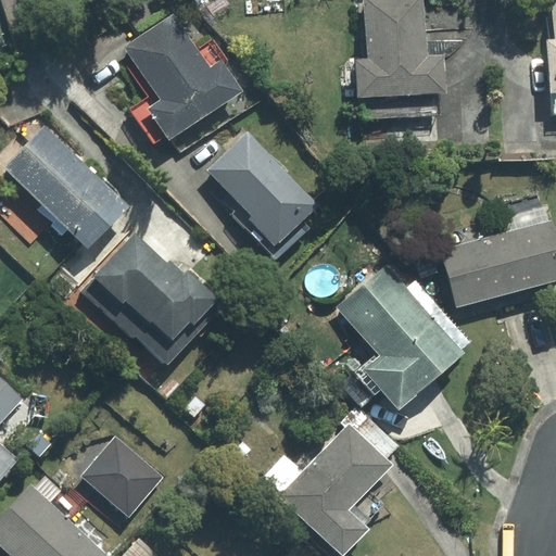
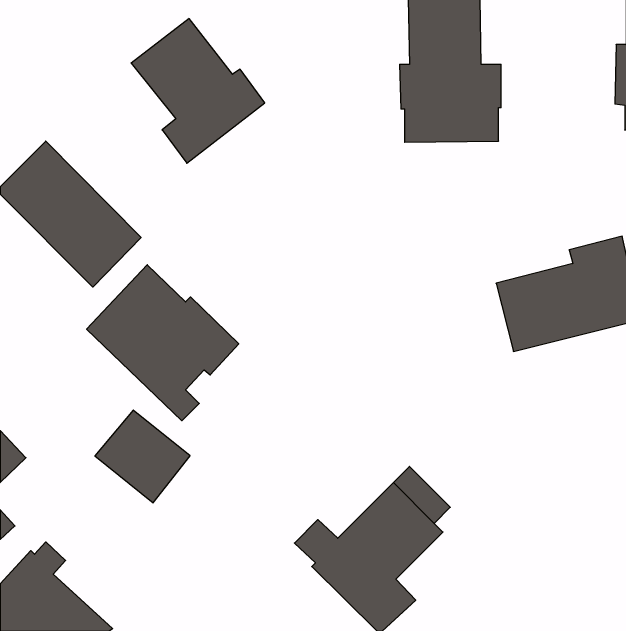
building: [206,131,318,247] -> none
building: [338,264,464,412] -> none
building: [81,435,165,517] -> [95,410,190,503]

